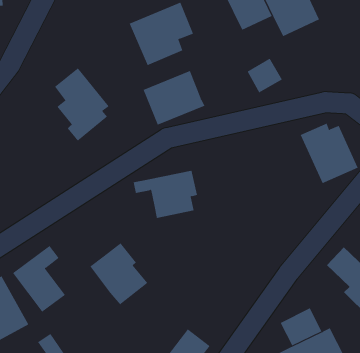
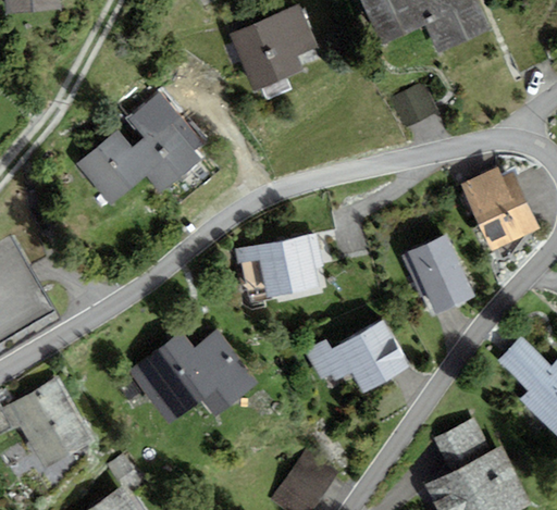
building: [143,70,205,125] -> none
building: none -> [77,130,151,204]
building: none -> [403,236,474,314]
building: none -> [306,319,409,395]
building: [12,245,66,313] -> [131,332,203,423]

